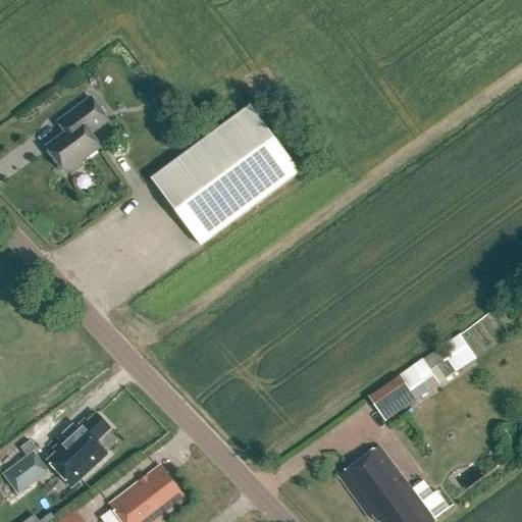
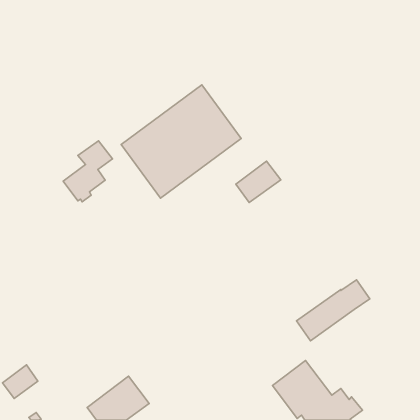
building: [46,97,107,172] -> [63,141,113,202]
building: none -> [236,161,281,202]
building: [48,413,110,485] -> none

